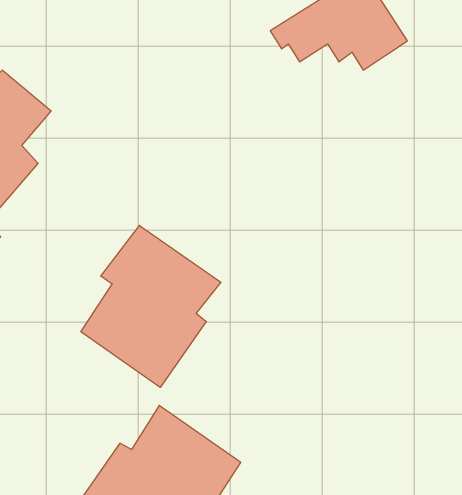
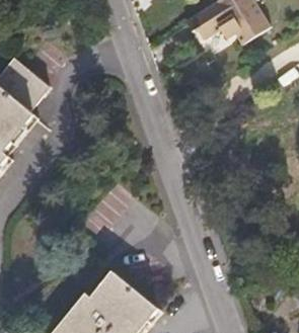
building: [81,225,221,387] -> none

